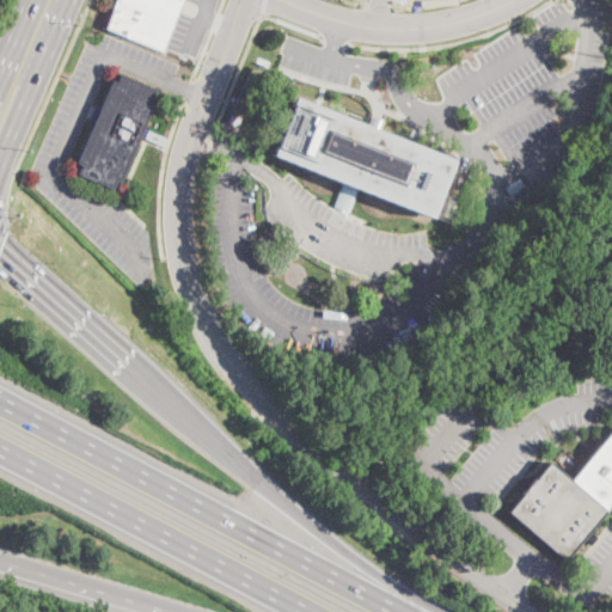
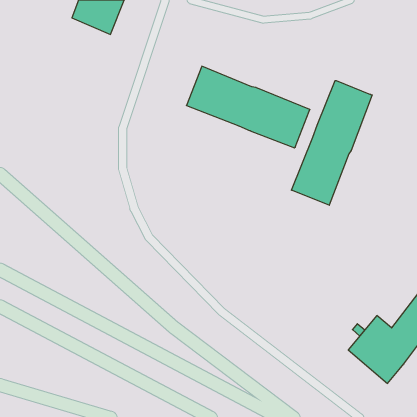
building: [79,75,158,190] -> none
building: none -> [291,81,372,205]

